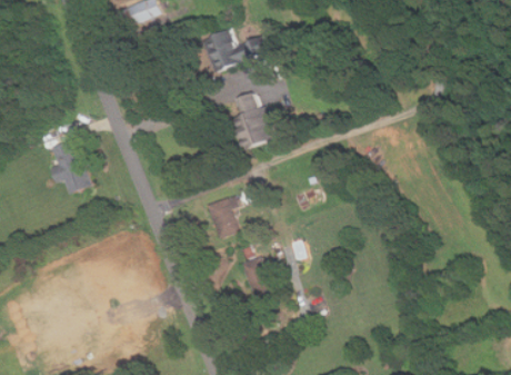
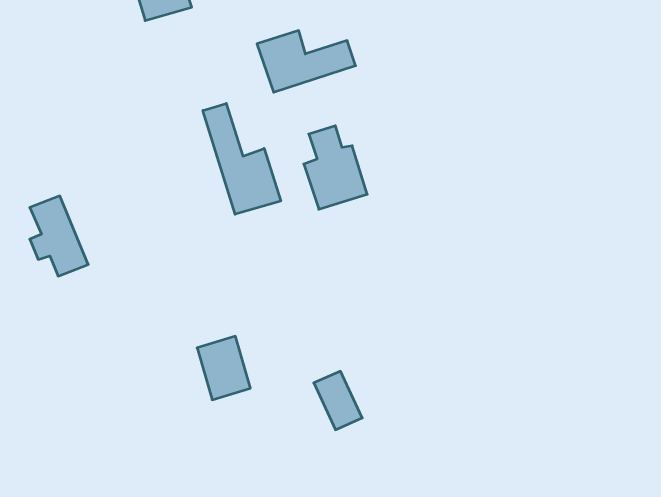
building: none -> [203,103,281,214]
building: [206,196,241,238] -> [197,336,250,400]

